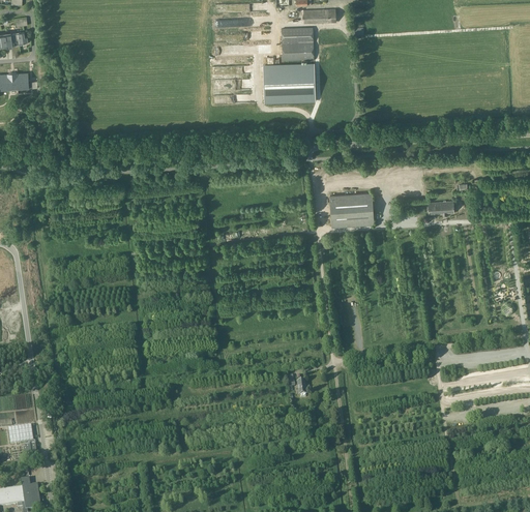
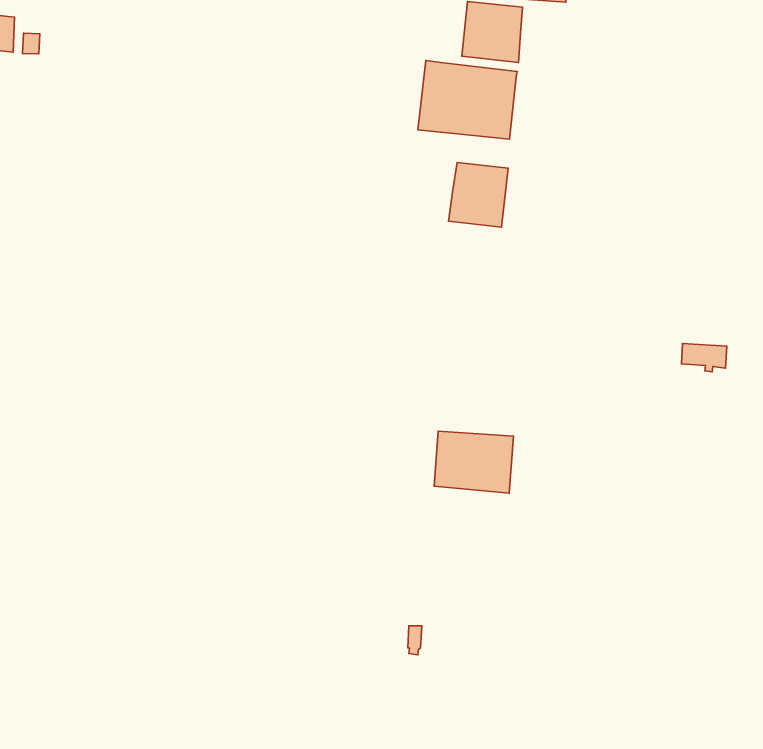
building: none -> [449,162,508,227]
building: [329,191,374,225] -> [434,431,514,493]

